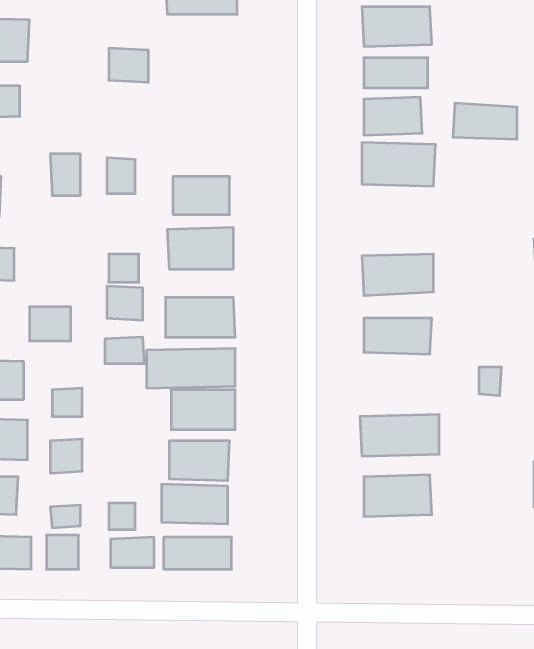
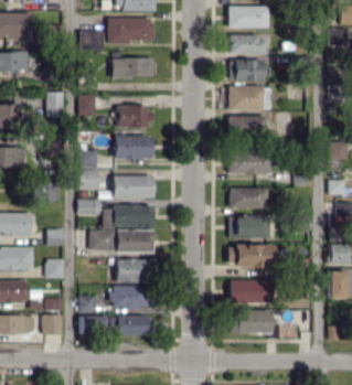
building: none -> [108,18,154,44]
building: none -> [111,57,154,77]
building: [453,103,517,139] -> [228,115,266,136]
building: none -> [230,216,270,237]
building: none -> [89,229,114,250]
building: none -> [231,310,279,334]

